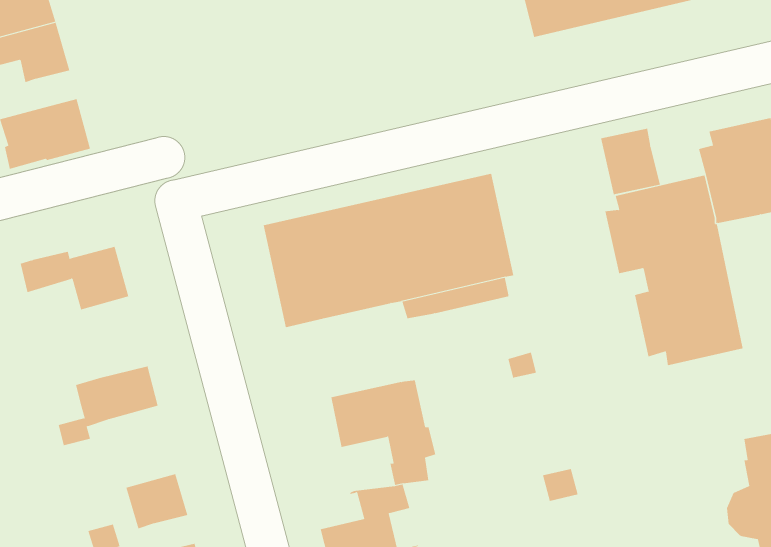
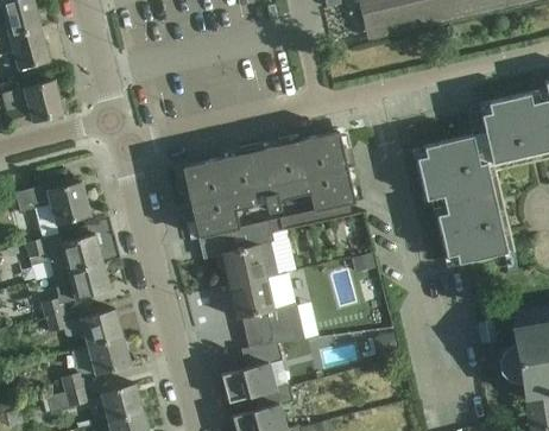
building: [600,128,661,195] -> none
building: none -> [221,220,277,284]
building: none -> [25,234,103,280]
building: none -> [45,309,122,346]

